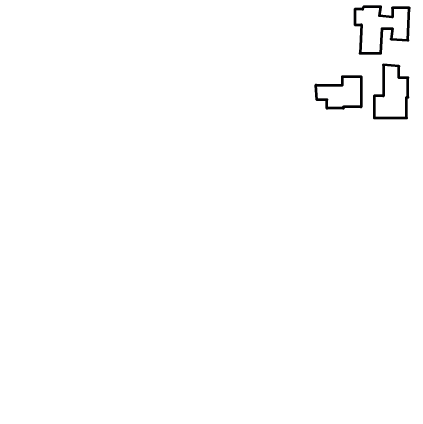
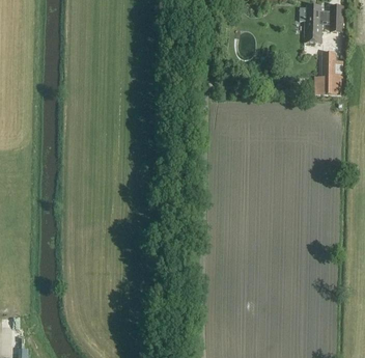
building: [316,77,361,108] -> none

